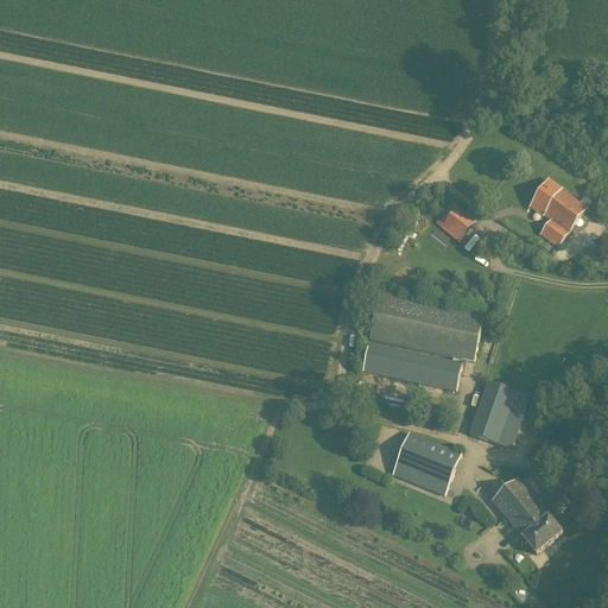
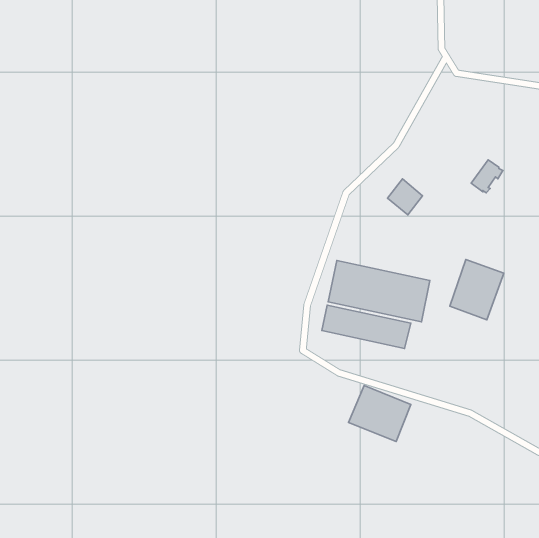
building: [539,191,584,246] -> none
building: [468,381,528,449] -> [450,260,504,320]
building: [490,477,569,555] -> none

